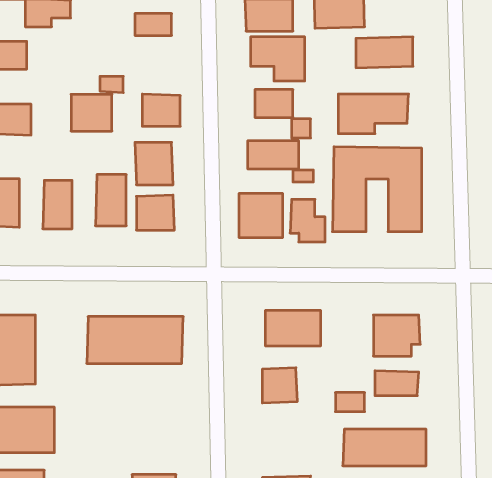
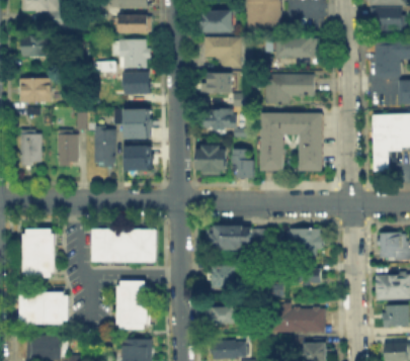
building: [71,94,112,131] -> [122,42,151,68]
building: none -> [116,281,149,329]
building: none -> [212,306,235,325]

